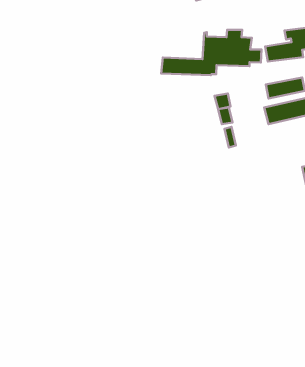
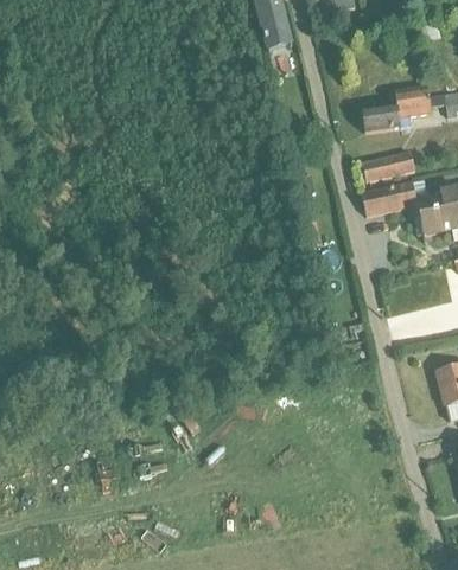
building: [161,30,261,75] -> none

